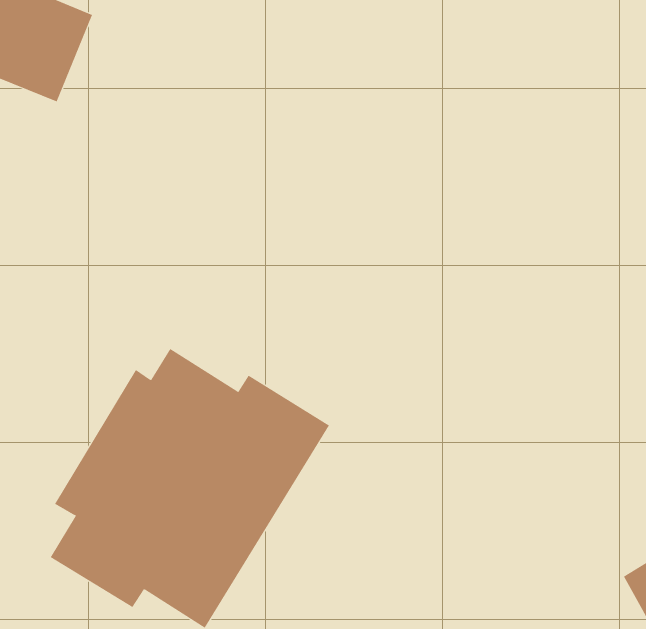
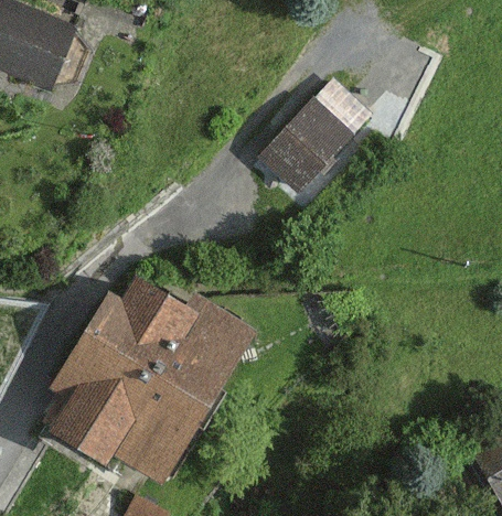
building: none -> [257,79,367,194]

